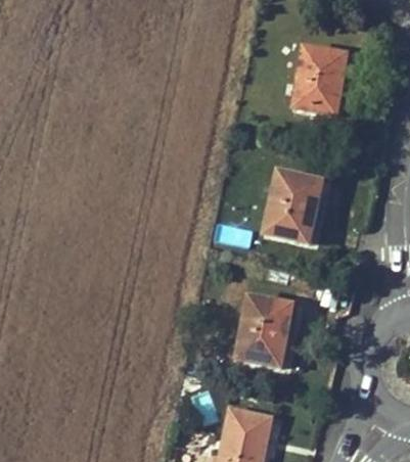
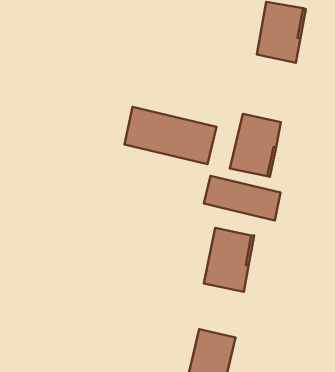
building: none -> [124,107,216,164]
building: none -> [204,176,281,220]

